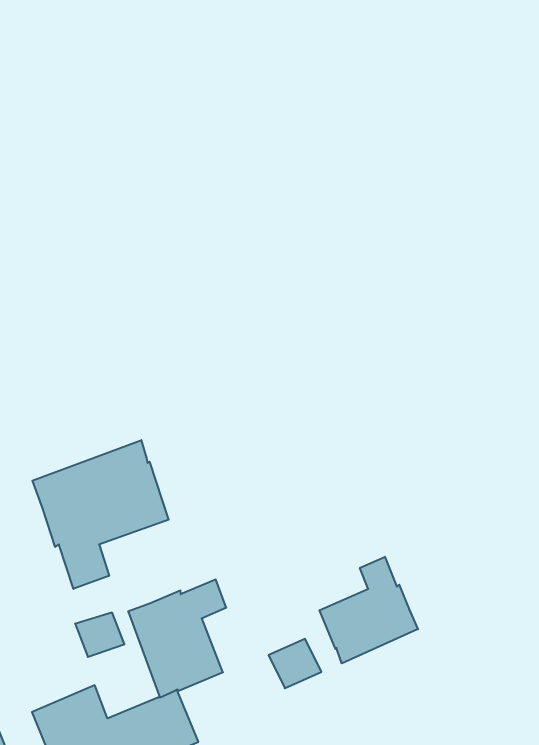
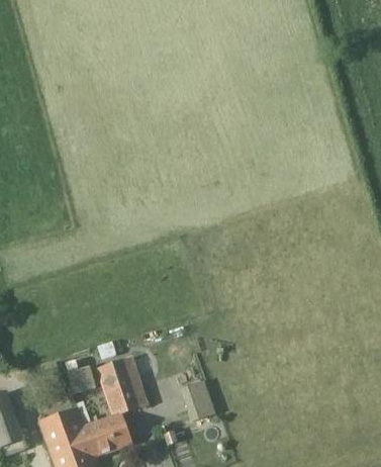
building: [32,440,169,589] -> none
building: [320,557,418,663] -> none

